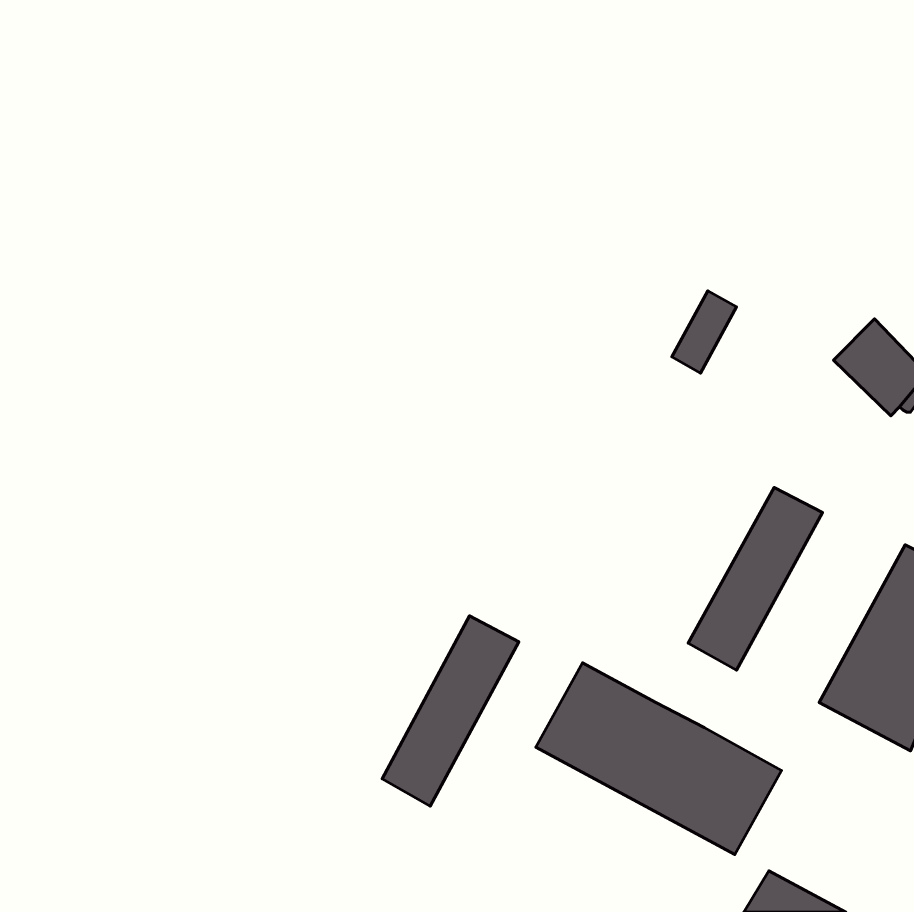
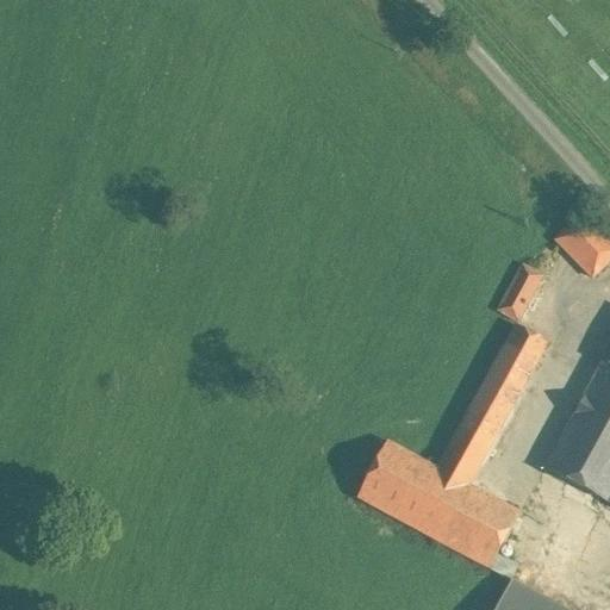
building: [672,291,736,373] -> [499,264,542,319]
building: [382,616,519,806] -> none
building: none -> [437,428,491,484]

